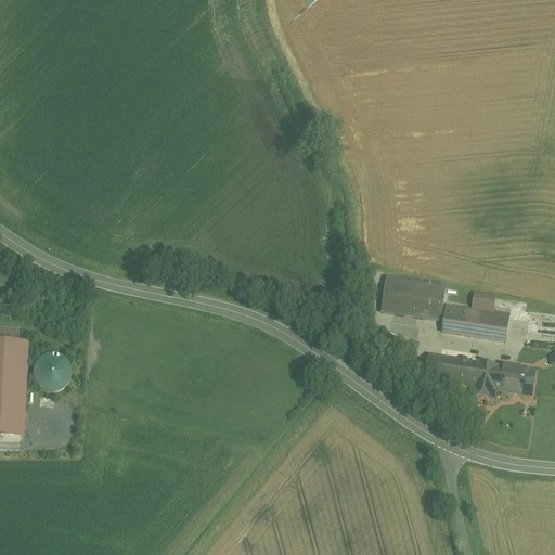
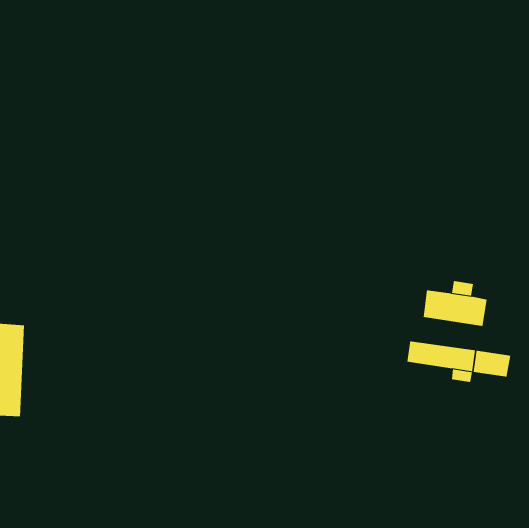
building: [380,278,444,320] -> none
building: [30,351,69,390] -> none

